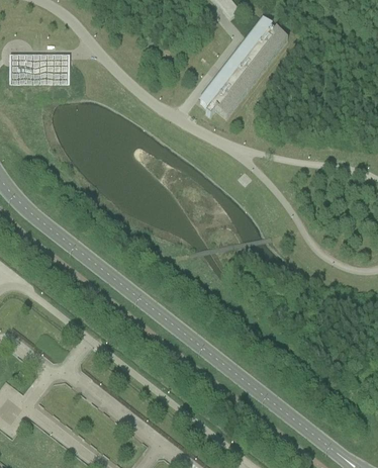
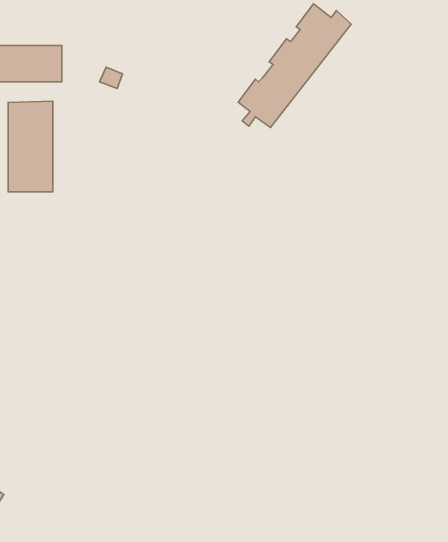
building: none -> [8,101,53,192]

